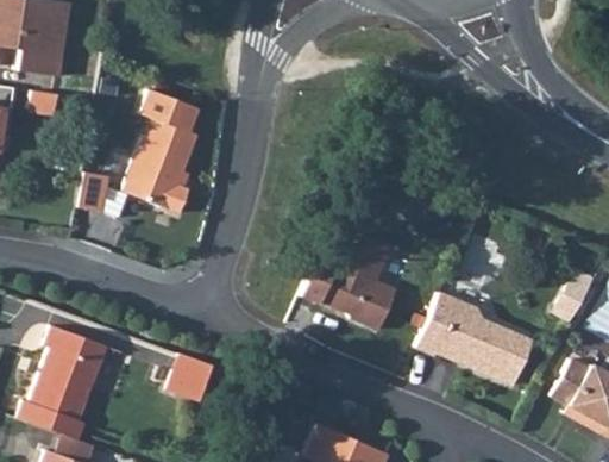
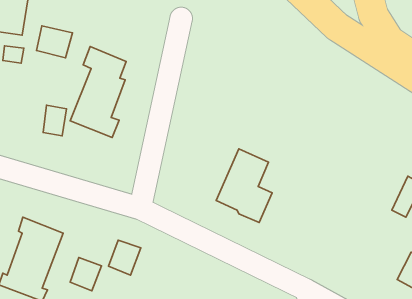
building: none -> [36,26,72,58]
building: [415,293,530,387] -> none
building: none -> [70,258,102,291]

